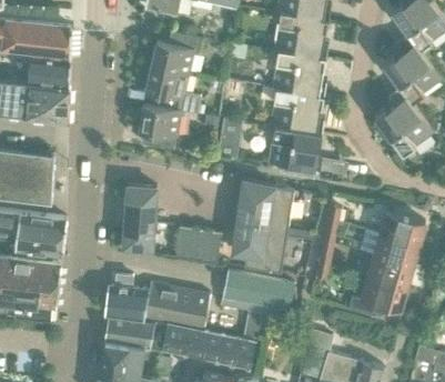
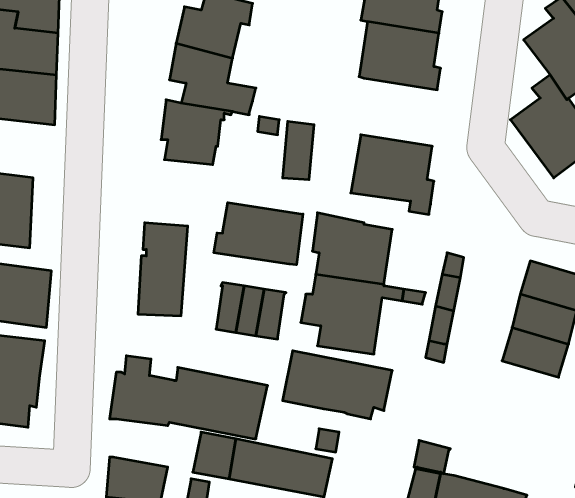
building: [267,89,323,134] -> none
building: none -> [214,203,303,265]
building: [347,278,404,315] -> none
building: [107,318,165,352] -> none

